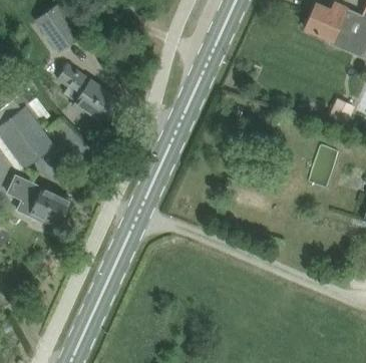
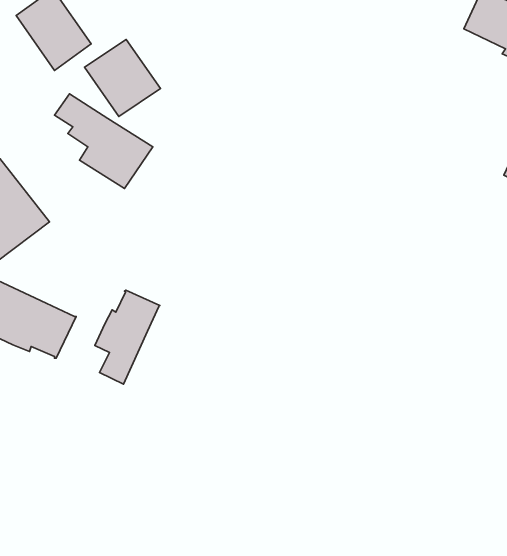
building: none -> [85,39,160,116]
building: none -> [95,290,160,384]

